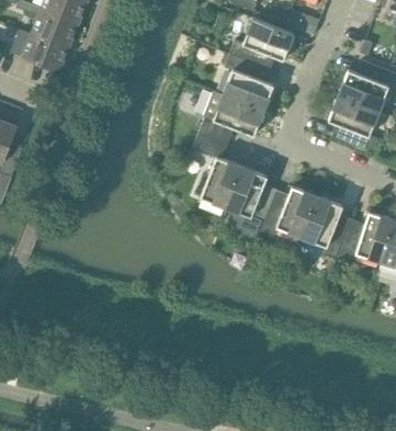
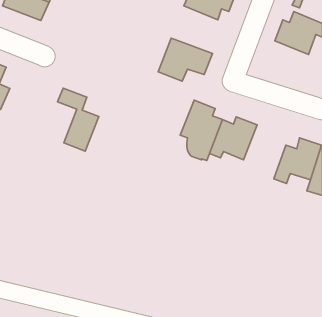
building: [223,53,273,110] -> none
building: [327,94,378,152] -> none
building: [192,132,241,207] -> [58,88,99,151]
building: [301,195,351,260] -> none

